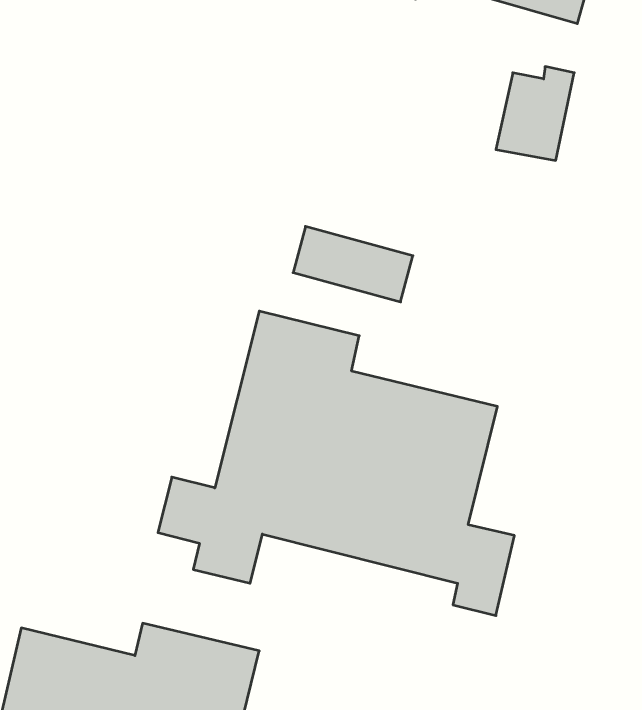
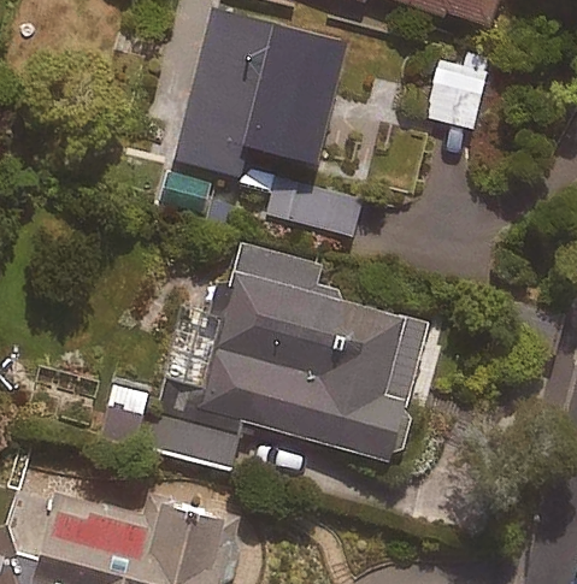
building: none -> [171,11,346,178]

